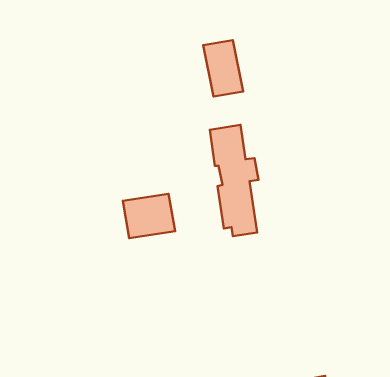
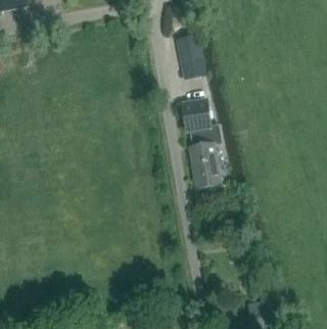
building: [123,194,175,238] -> none

